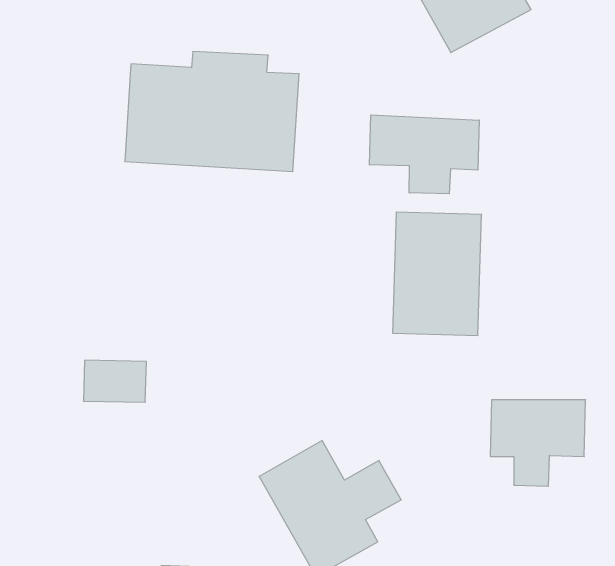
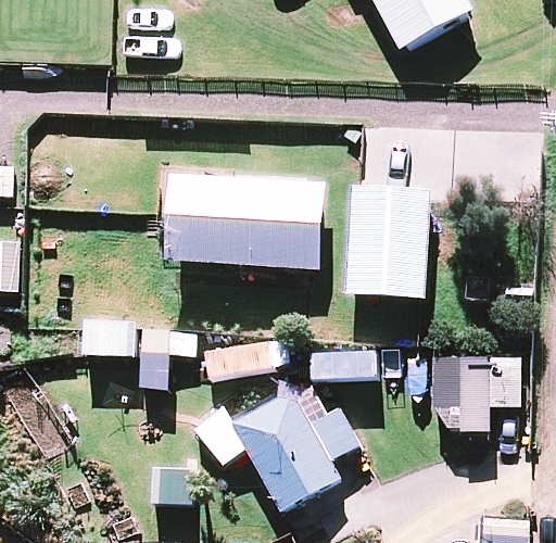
building: [125,51,299,171] -> [170,165,324,270]
building: [369,115,479,194] -> none

